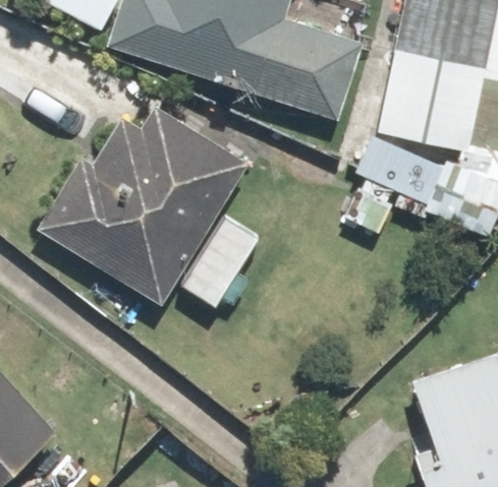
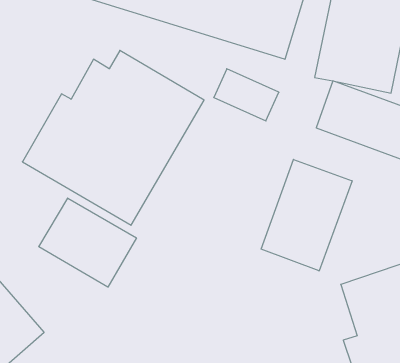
building: none -> [261,159,352,271]
building: none -> [39,198,136,287]

